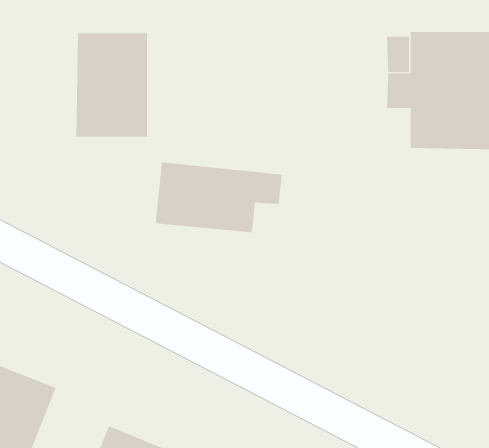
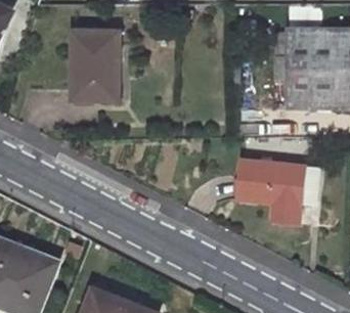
building: [155,162,283,233] -> [236,161,319,207]

